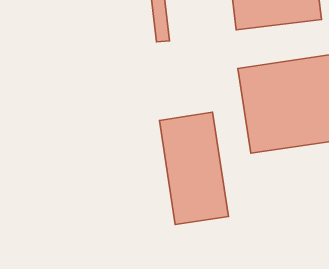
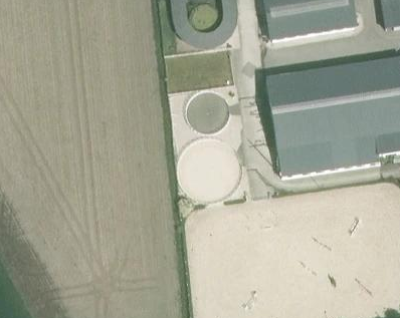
building: [159,112,228,225] -> none

